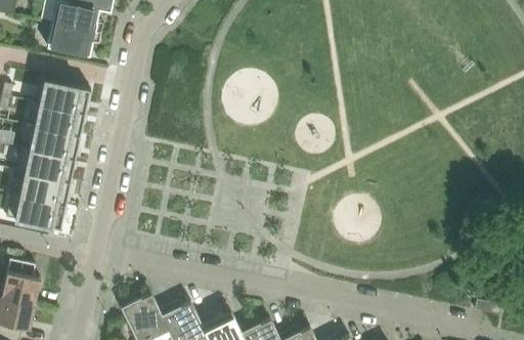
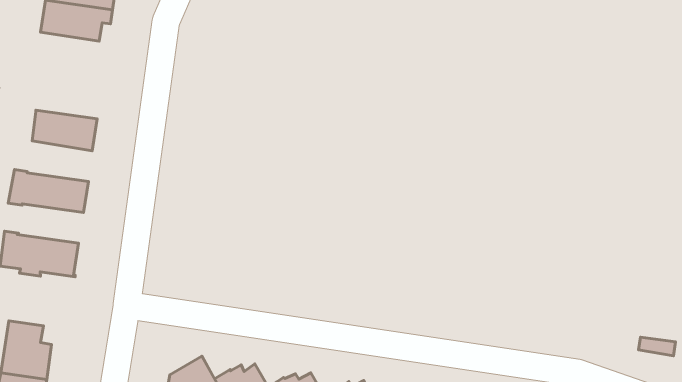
building: [34,80,90,114] -> none
building: [30,127,79,160] -> none
building: [19,173,70,205] -> none

